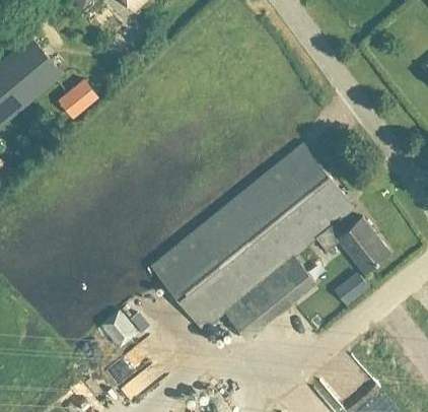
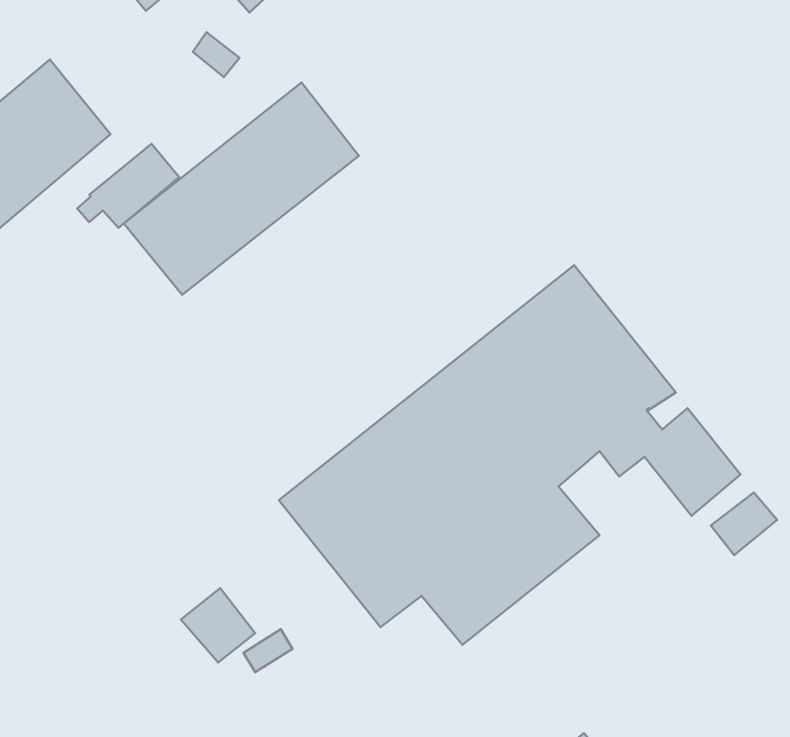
building: none -> [124,82,359,295]
building: [334,274,368,306] -> [711,492,777,555]

